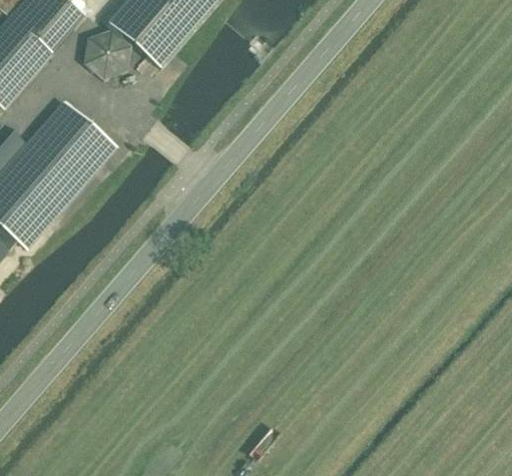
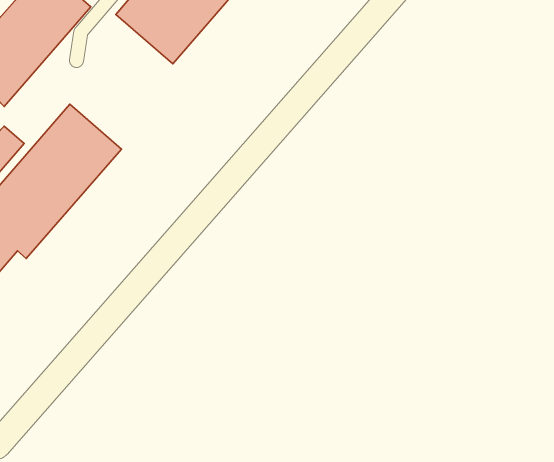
building: [85,29,132,77] -> none

